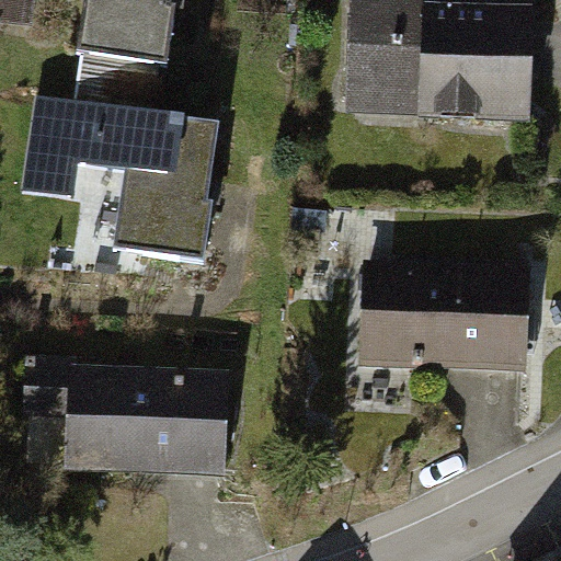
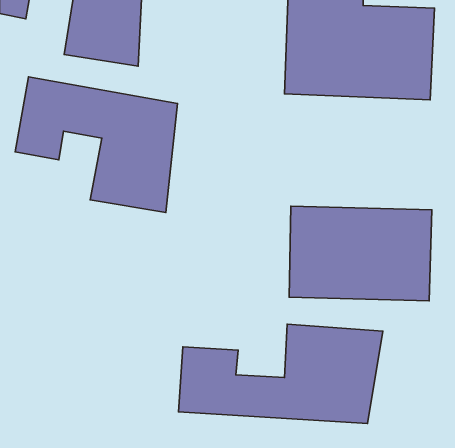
building: [22,352,226,478] -> none
building: none -> [179,324,383,423]

